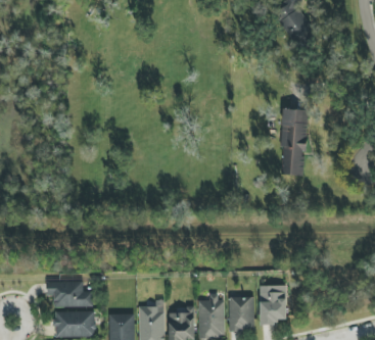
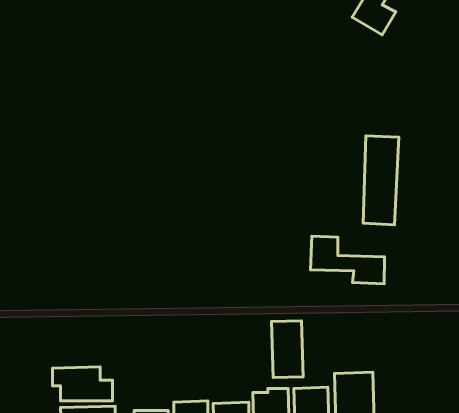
building: none -> [311,236,385,284]
building: none -> [271,321,303,377]

